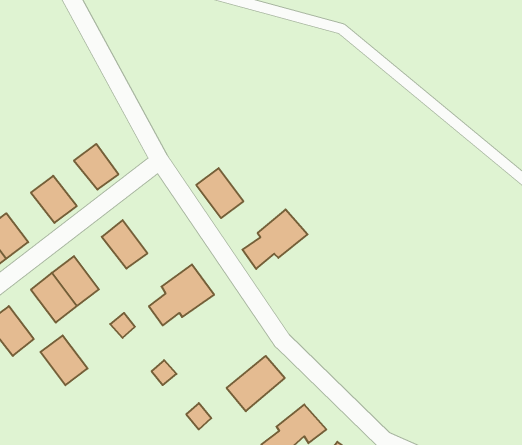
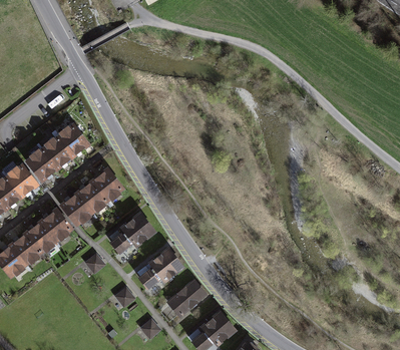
building: none -> [40,136,72,169]
building: [196,168,243,218] -> [90,167,124,204]
building: none -> [6,161,38,196]
building: [242,209,308,269] -> [137,249,184,292]
building: none -> [59,192,93,227]
building: [40,335,88,385] -> [8,230,42,266]

